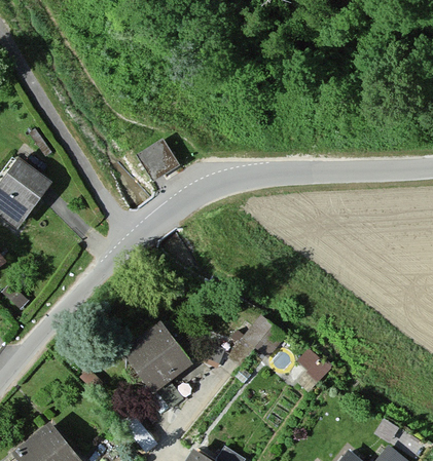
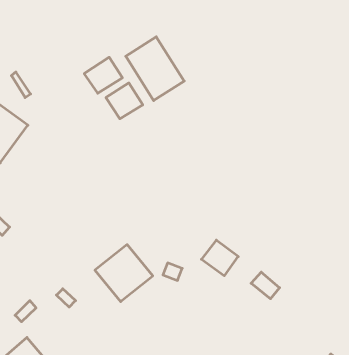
building: none -> [126,37,184,101]
building: none -> [84,57,122,93]

